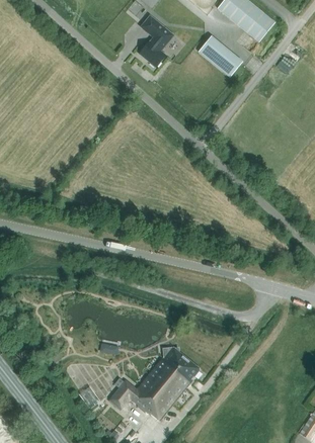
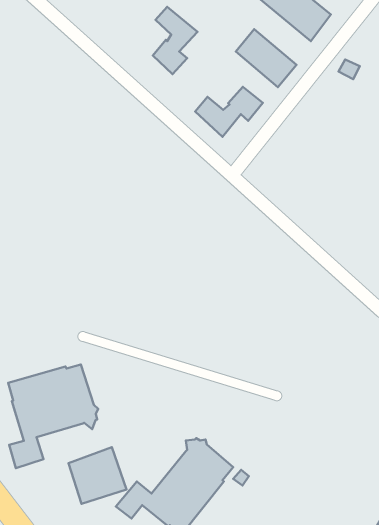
building: none -> [195,87,263,137]
building: none -> [8,364,98,468]

